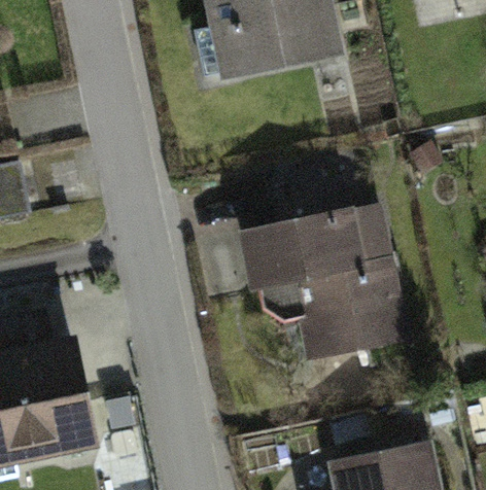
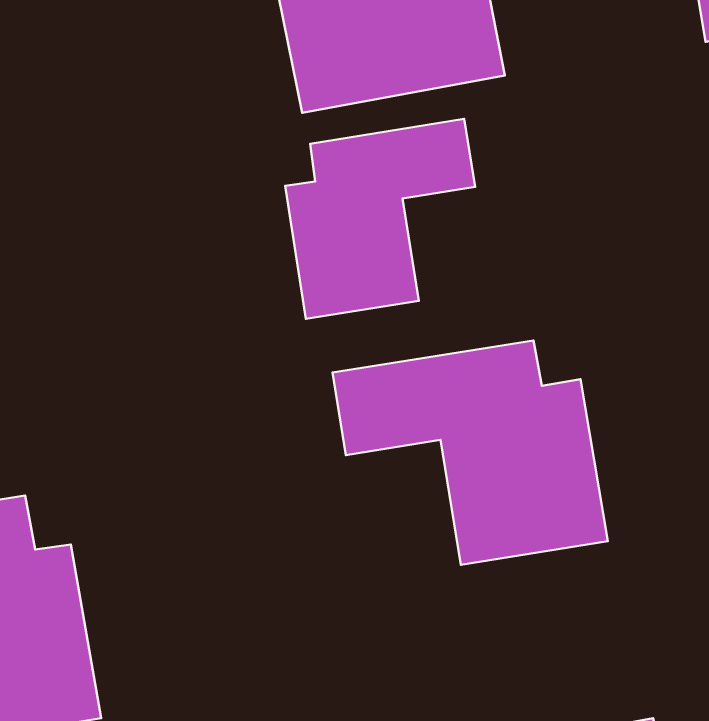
building: none -> [285,119,475,319]

